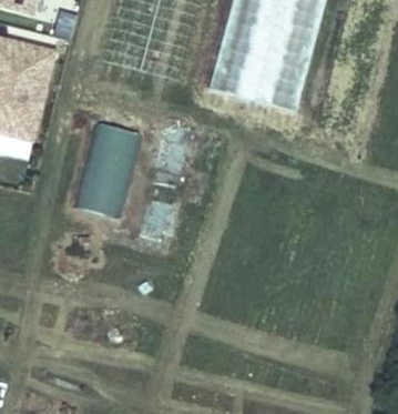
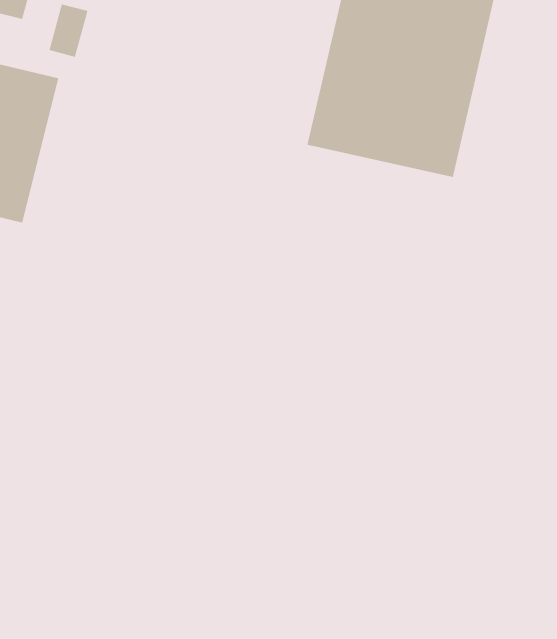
building: [74,122,131,216] -> none

